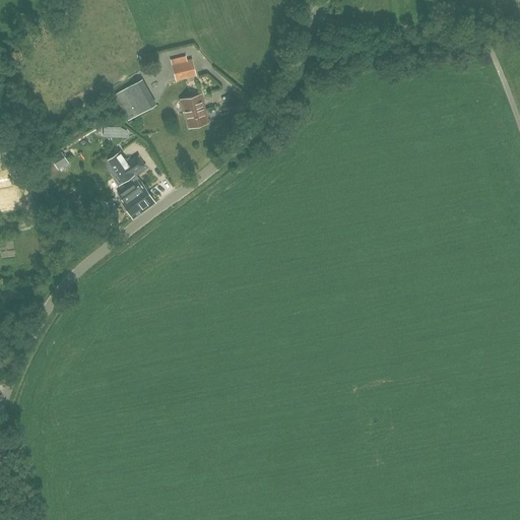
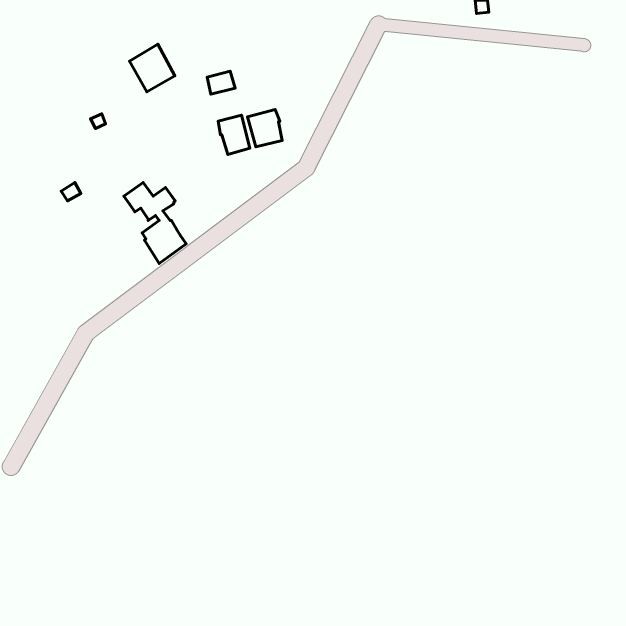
building: [114,81,151,121] -> [130,44,175,92]
building: none -> [248,110,282,147]

